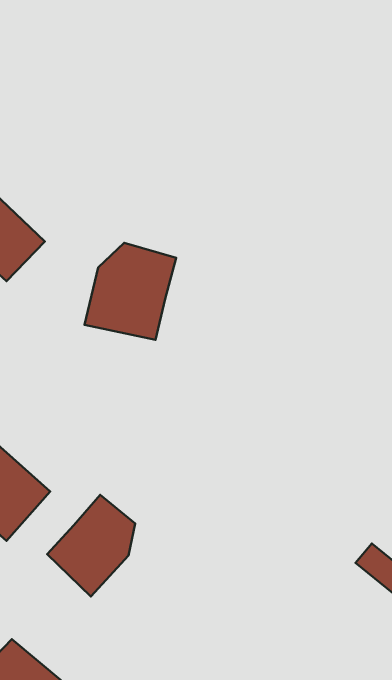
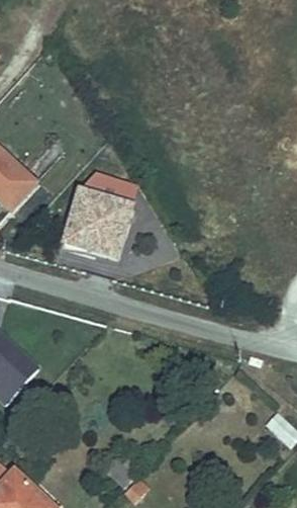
building: [47,495,135,597] -> none

